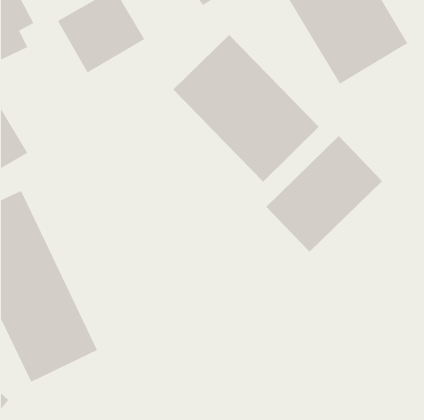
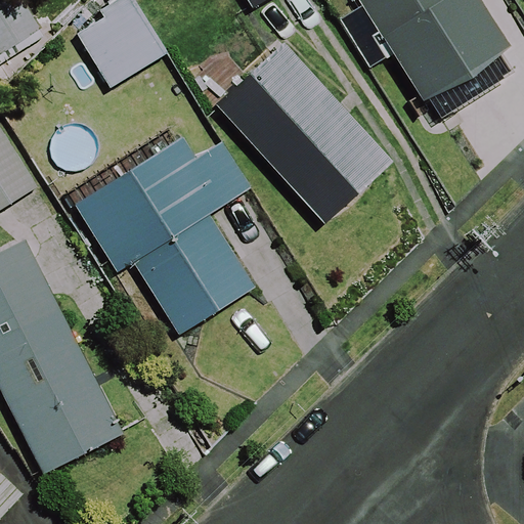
building: none -> [78,141,255,334]
building: [265,135,383,253] -> none

